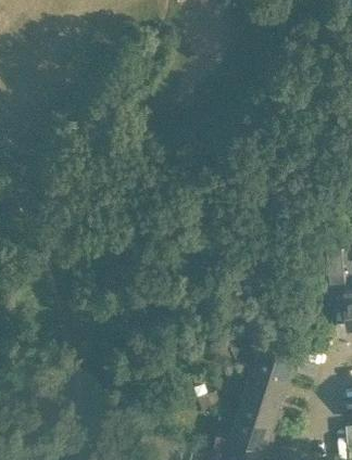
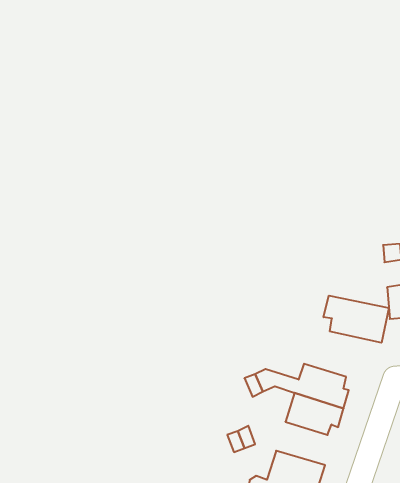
building: none -> [324,296,389,343]
building: [238,389,282,425] -> none

